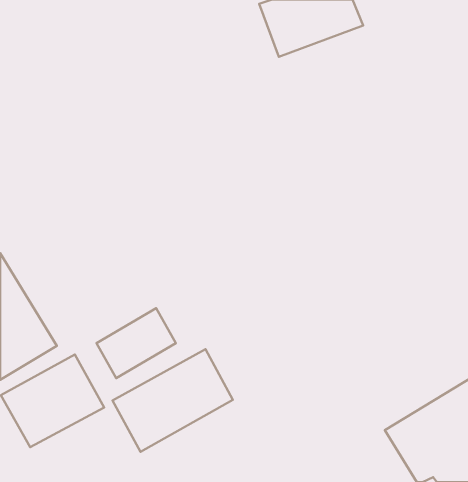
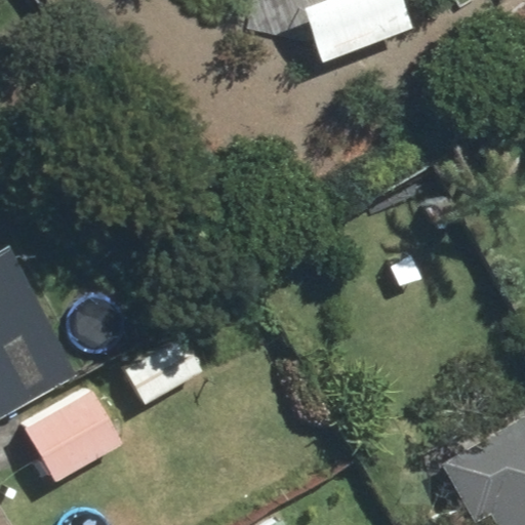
building: [112,349,233,452] -> none

